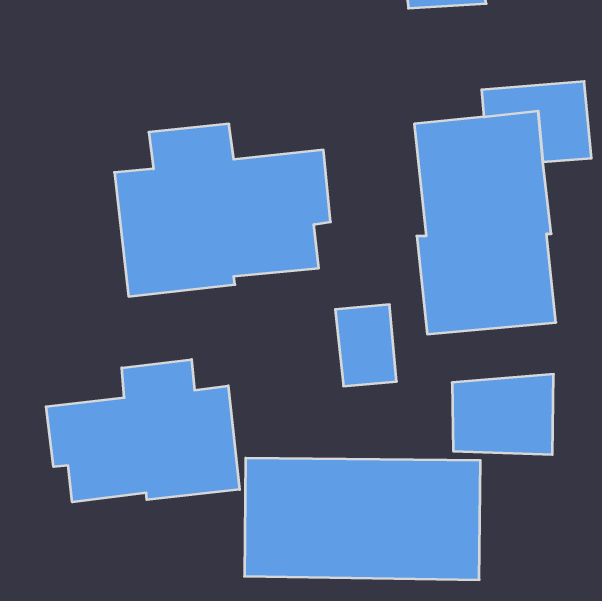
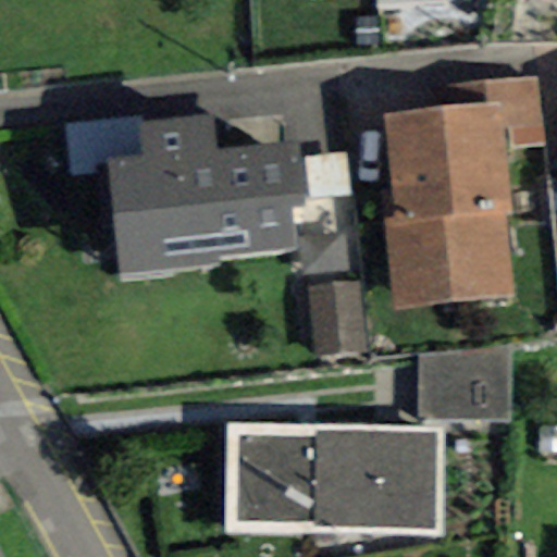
building: [46,359,240,502] -> none

